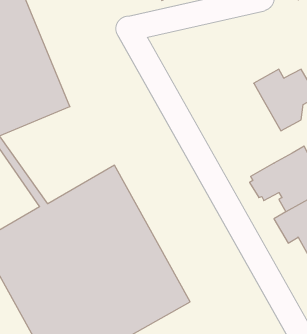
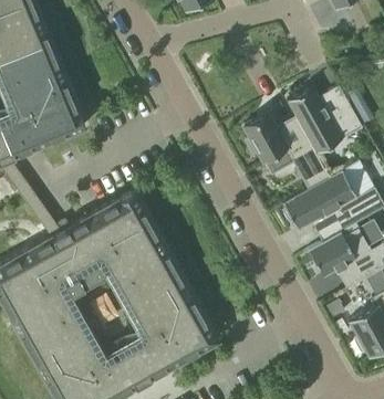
building: none -> [242,113,329,189]

